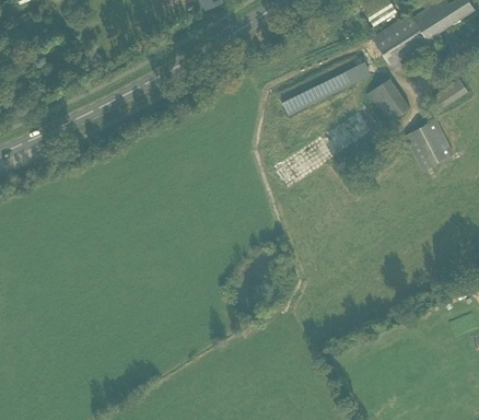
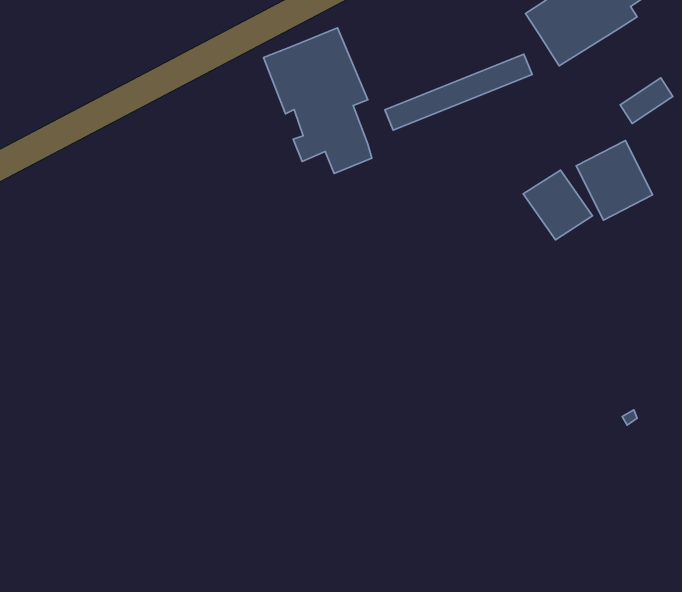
building: none -> [264,28,372,174]
building: [366,79,411,124] -> [523,170,593,240]

